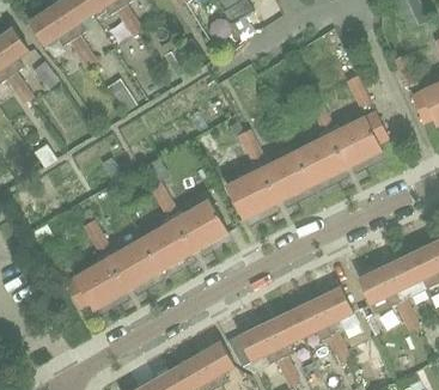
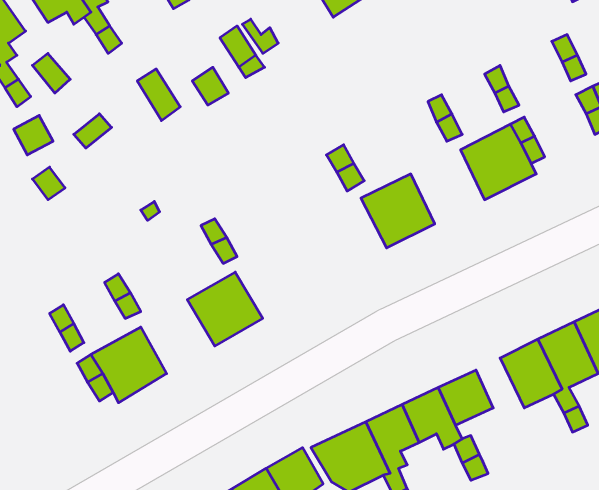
building: [295,133,347,184] -> none
building: [226,166,279,219] -> none
building: [173,197,227,250] -> none
building: [108,237,159,288] -> none

